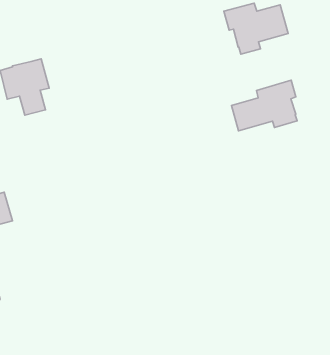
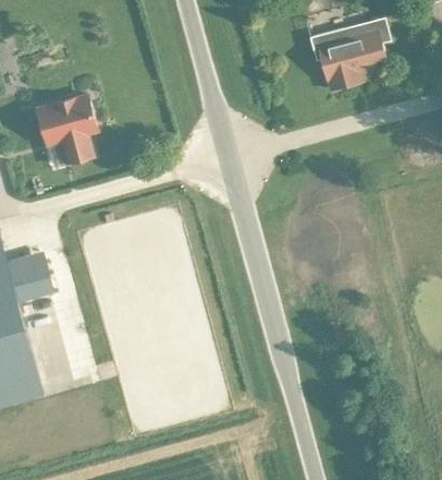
building: [231,80,297,131] -> none

